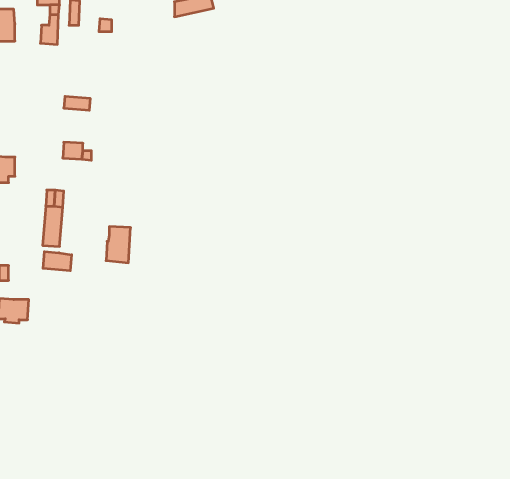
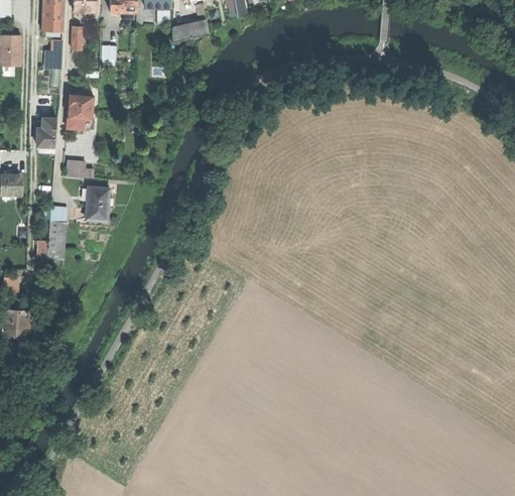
building: none -> [68,94,93,119]
building: none -> [36,117,55,145]
building: [106,227,131,263] -> [86,187,109,221]
building: [43,252,72,271] -> none

